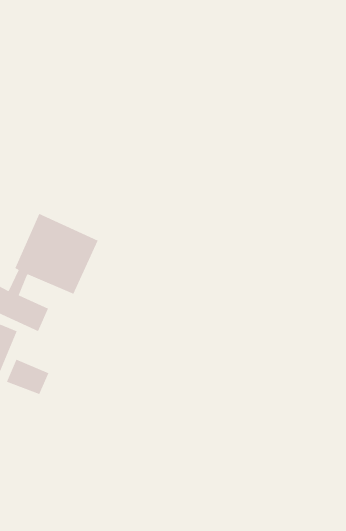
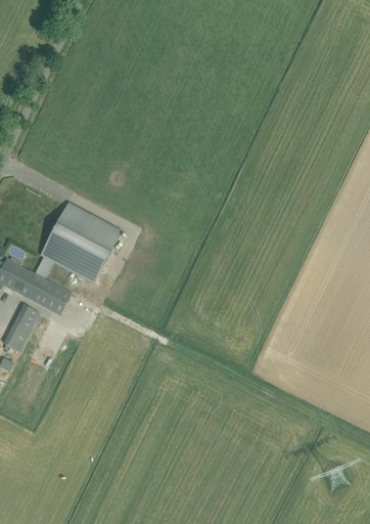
building: [6,359,49,395] -> none

